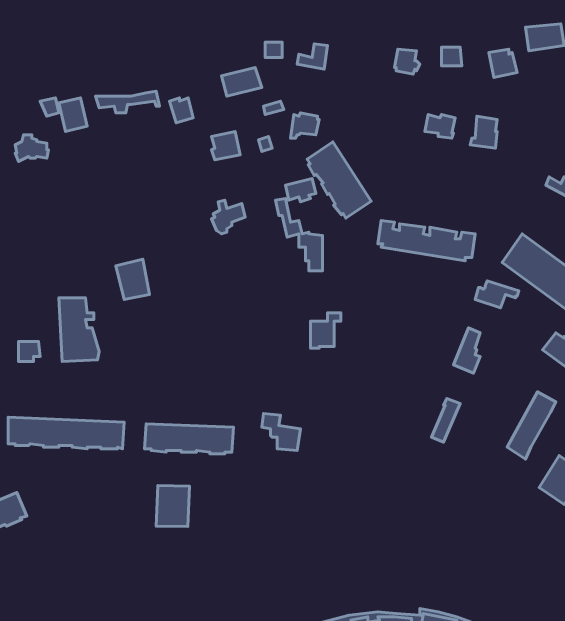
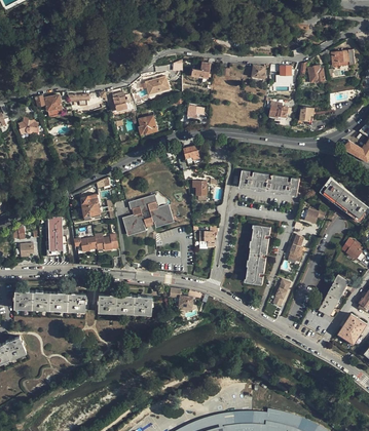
building: [307,142,371,218] -> none
building: none -> [122,195,174,236]
building: none -> [247,226,270,284]
building: none -> [73,234,120,259]
building: [156,486,189,527] -> none

